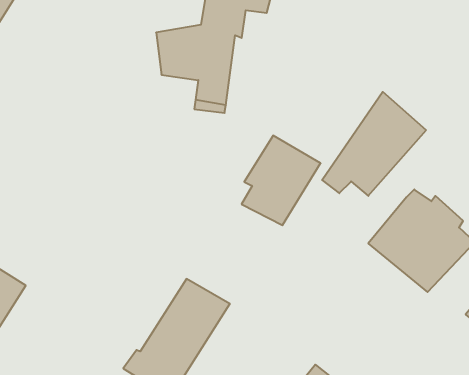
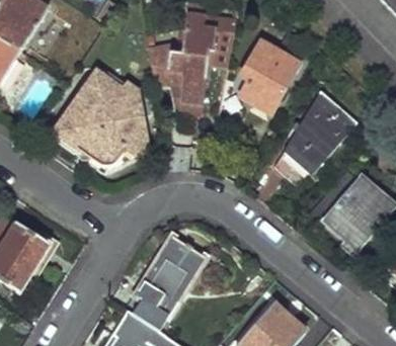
building: none -> [54,67,148,168]
building: [242,136,321,225] -> [239,40,300,109]

